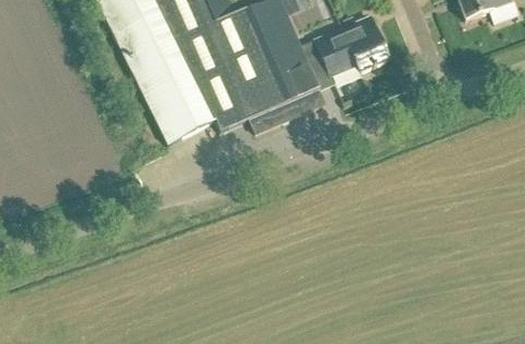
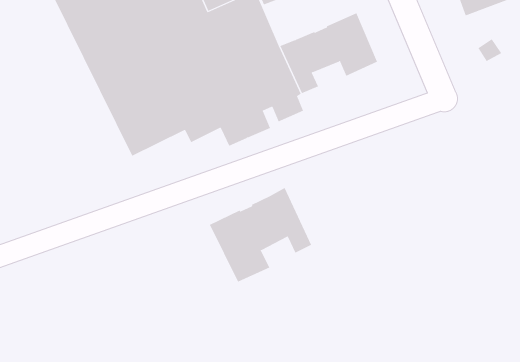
building: none -> [209,187,312,283]

